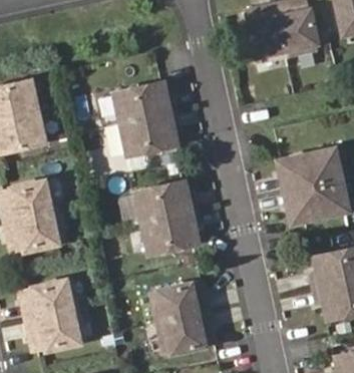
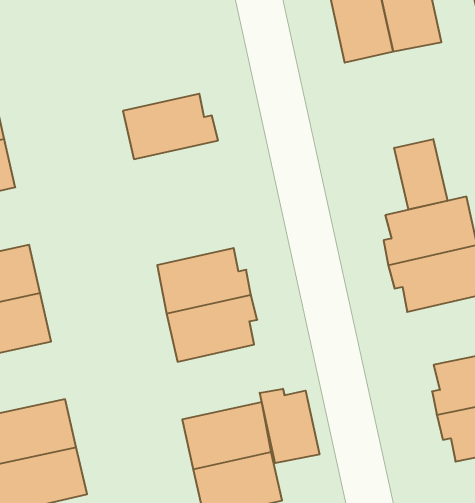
building: none -> [394,139,447,210]
building: [119,112,176,155] -> none
building: none -> [260,389,319,463]

